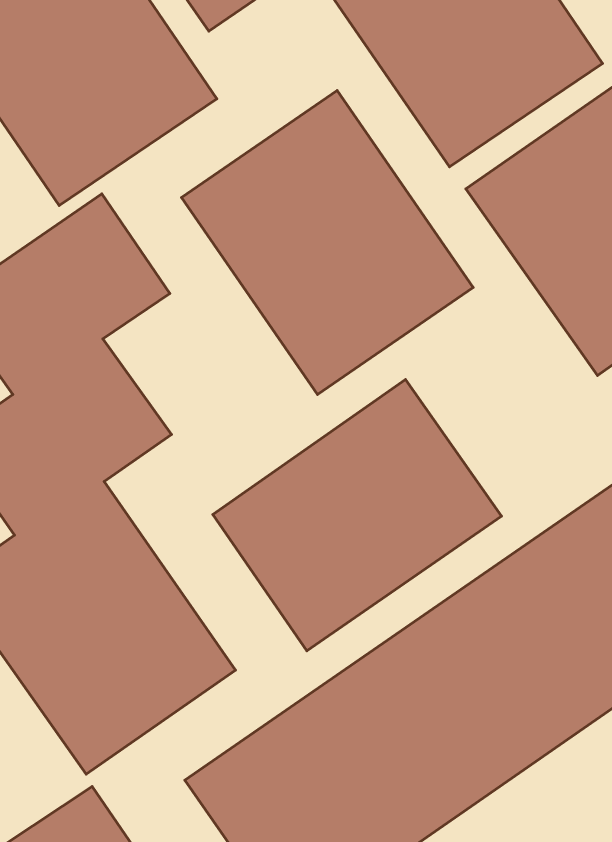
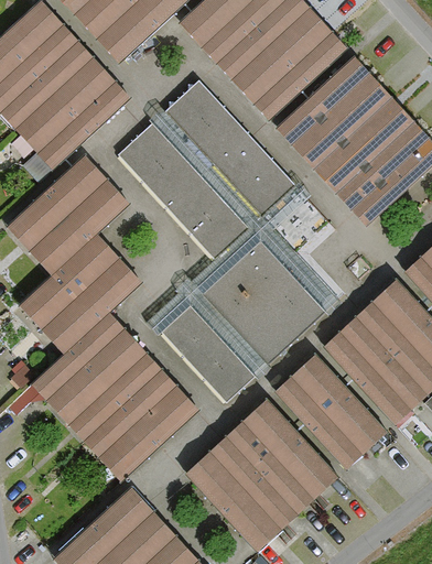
building: none -> [151,184,341,333]

